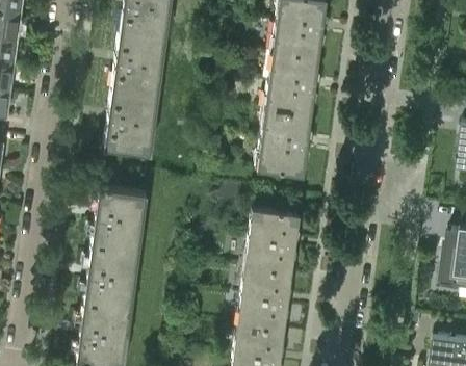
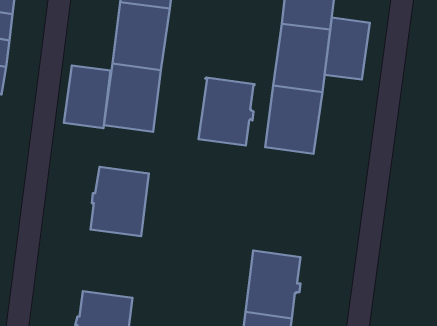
building: none -> [325,18,370,80]
building: none -> [64,66,111,128]
building: [244,208,297,272] -> [199,78,255,146]
building: [83,246,138,311] -> none

